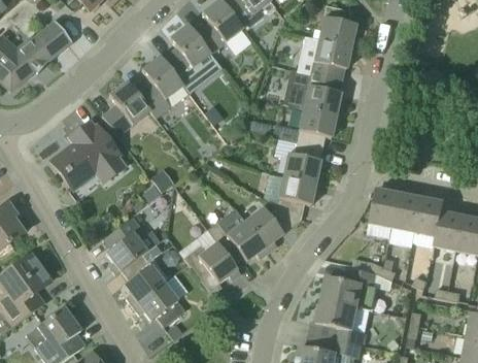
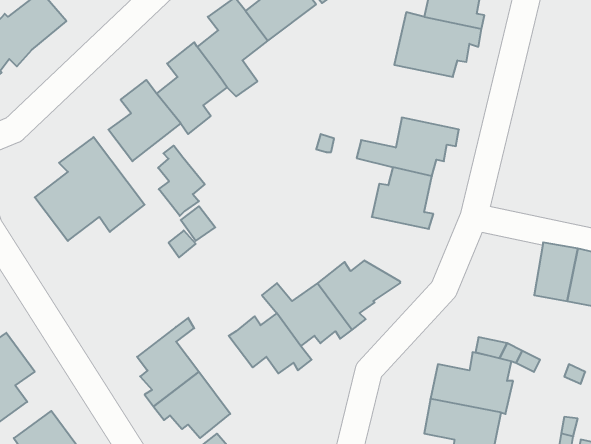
building: [282,68,343,114] -> none
building: none -> [158,146,205,216]
building: [276,174,320,219] -> none
building: [370,188,399,228] -> none
building: [106,217,147,273] -> none

